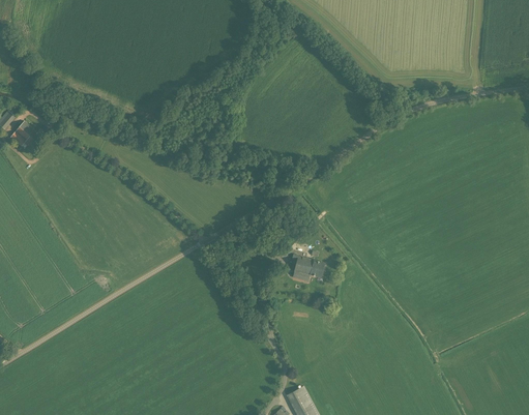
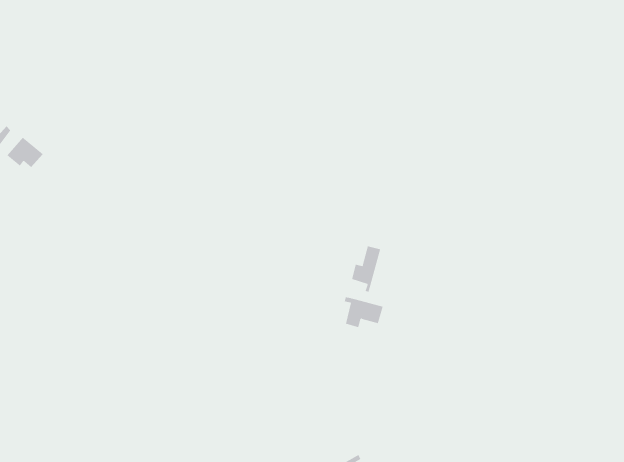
building: none -> [351,245,381,293]

